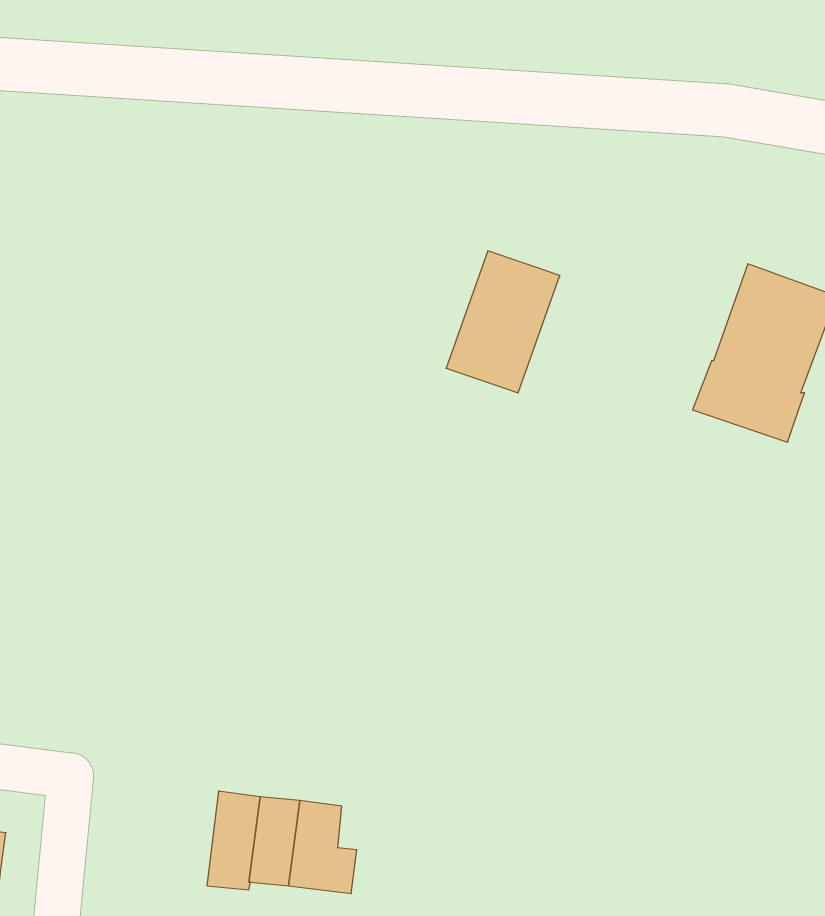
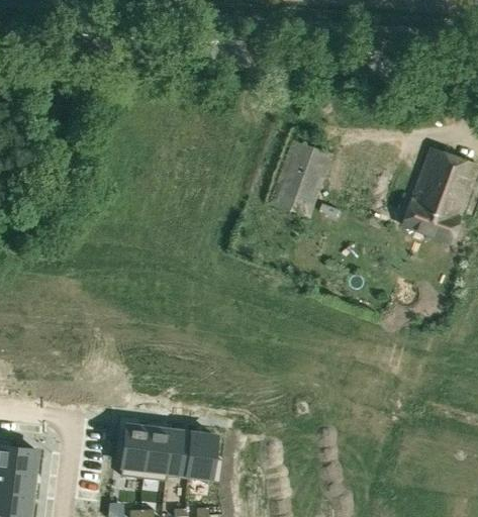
building: none -> [120,425,149,479]

